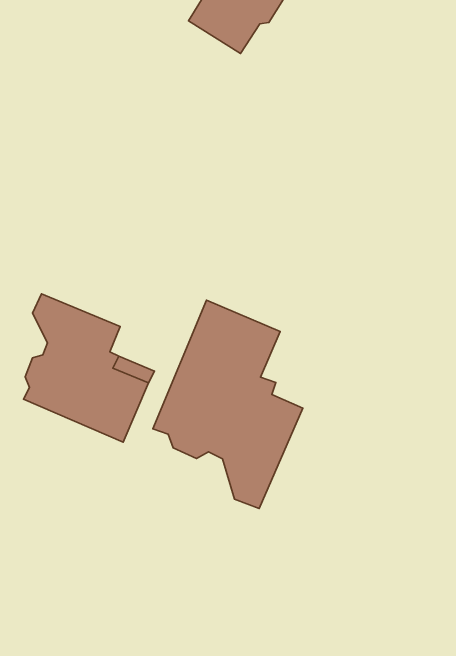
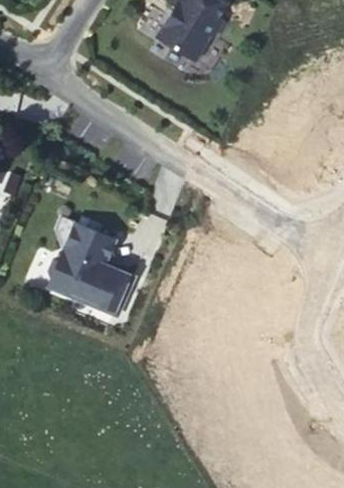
building: [153,300,303,509] -> none

